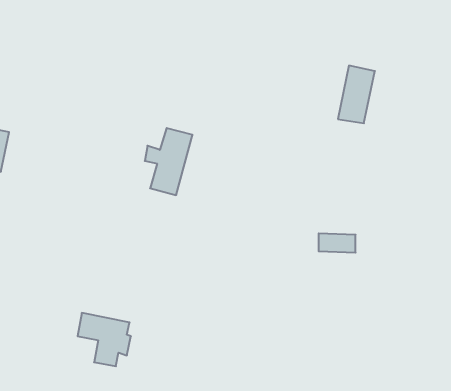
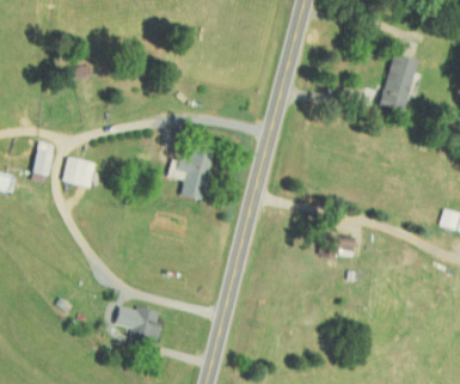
building: [338,66,375,123] -> [382,55,415,105]
building: none -> [63,157,97,188]

